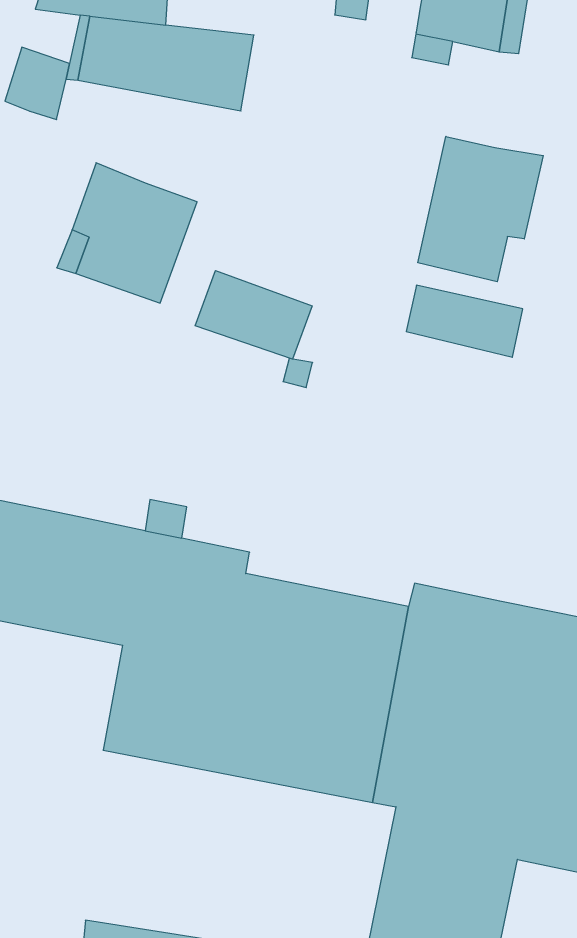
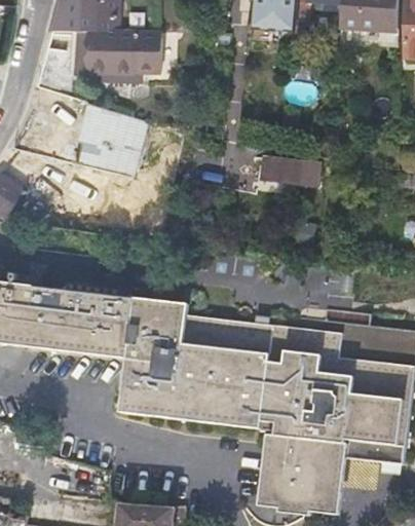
building: [418,136,543,282] -> none
building: [195,271,312,359] -> none

